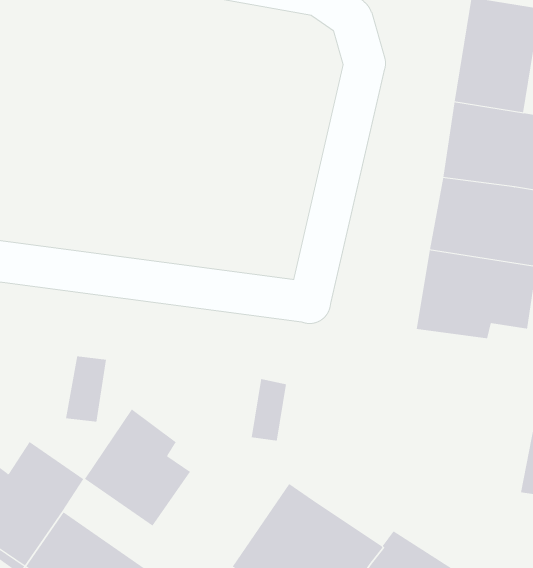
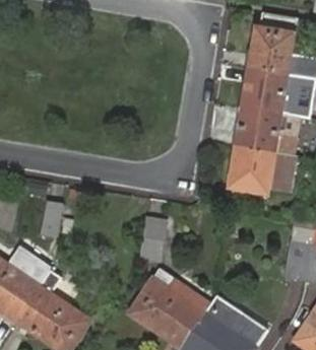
building: [84,409,191,527] -> none

